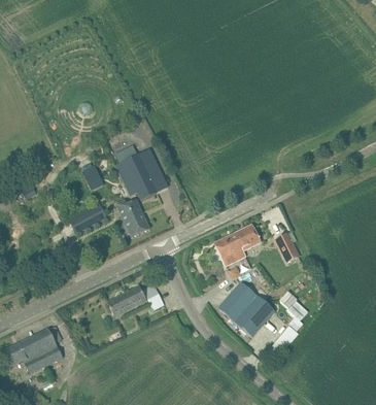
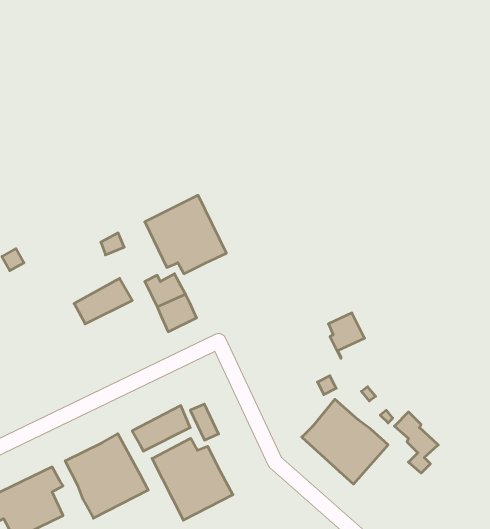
building: [275,232,298,263] -> none
building: [215,233,244,265] -> none
building: none -> [65,434,148,518]
building: none -> [152,438,233,520]

